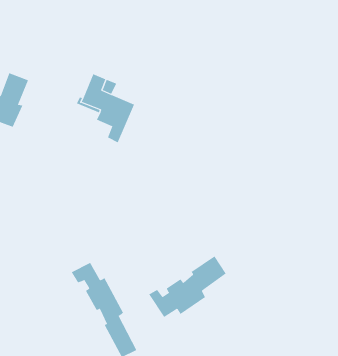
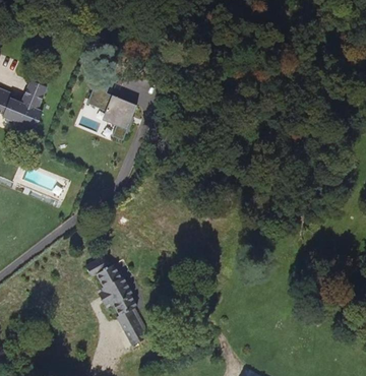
building: [149,255,226,318] -> none

